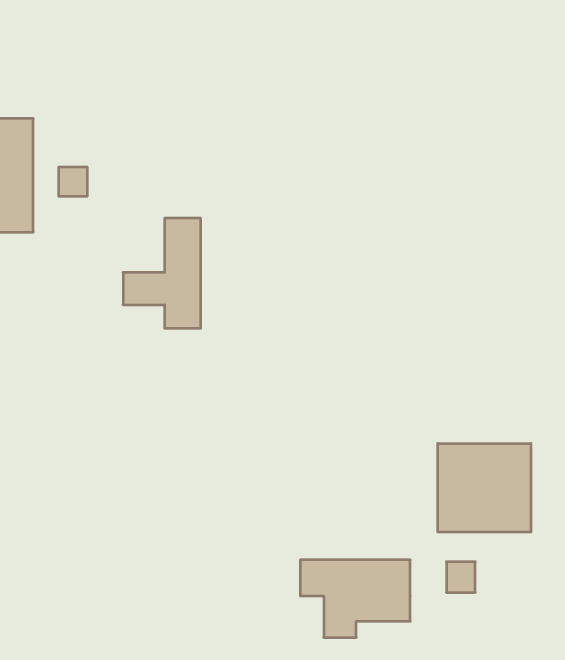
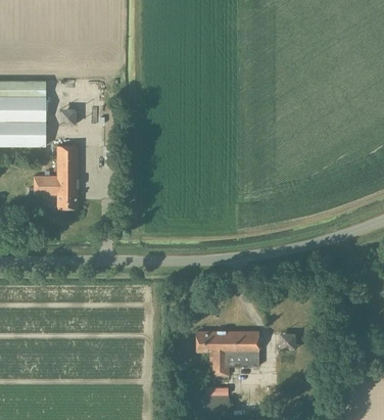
building: [123,218,201,328] -> [34,145,78,207]
building: [438,443,531,532] -> none

